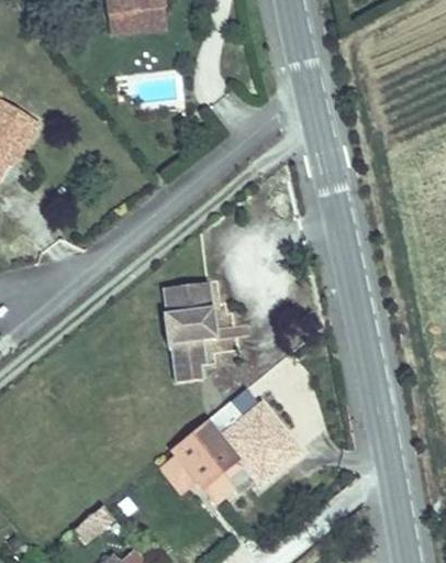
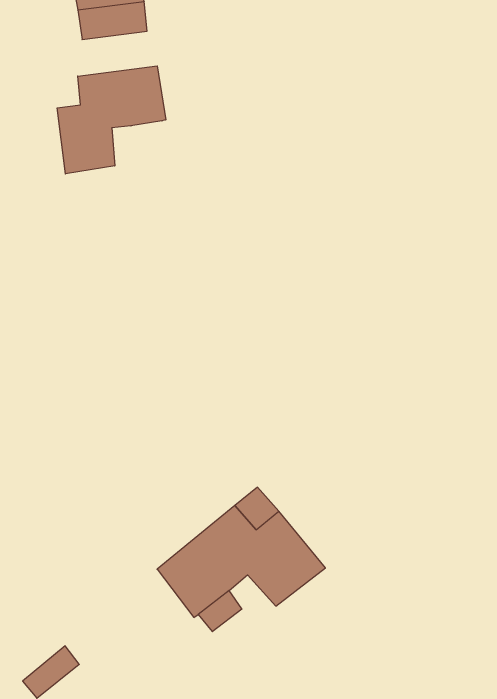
building: none -> [57,66,166,174]
building: [165,280,216,383] -> none

